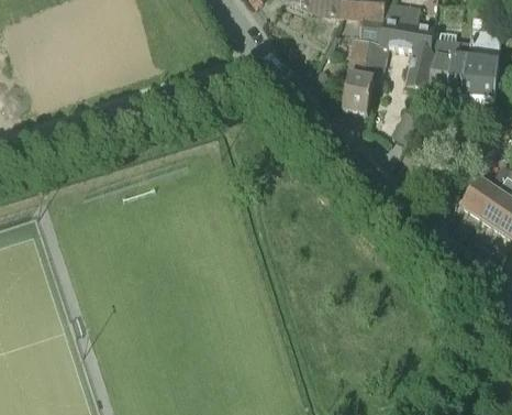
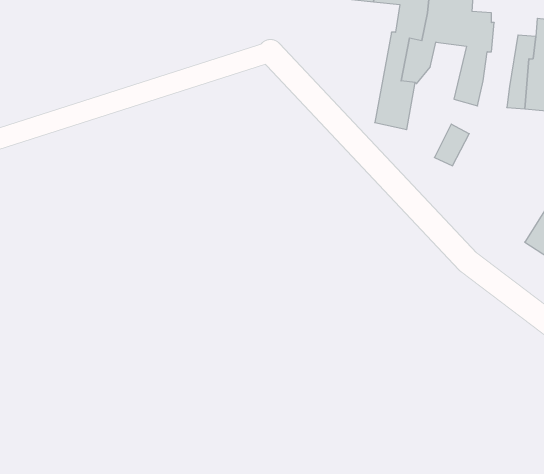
building: [431,32,456,83] -> none

